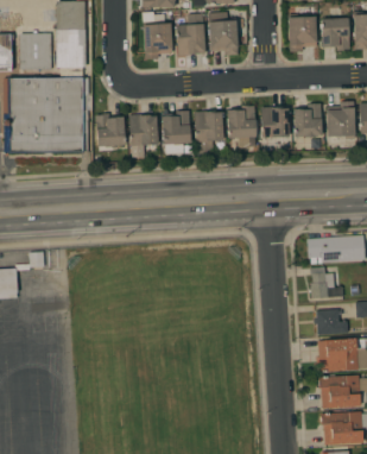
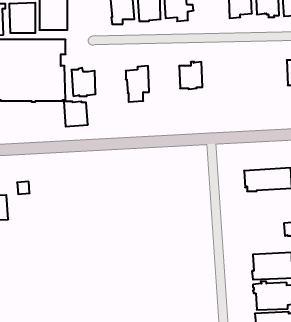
building: [327,102,355,139] -> none
building: [293,103,322,138] -> none
building: [260,107,289,138] -> none
building: [194,111,223,153] -> none
building: [128,115,158,146] -> [64,101,88,127]
building: [309,267,343,298] -> none
building: [312,309,347,335] -> none

